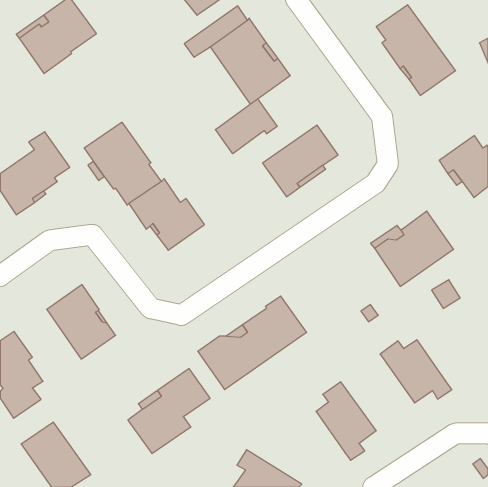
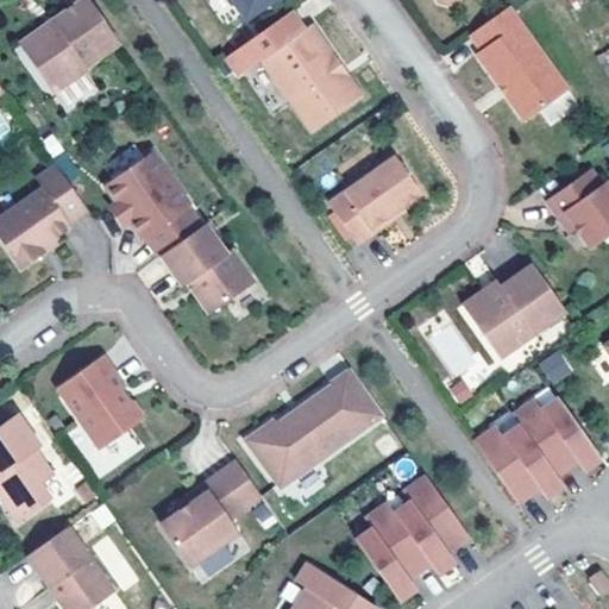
building: [215,99,277,154] -> none
building: none -> [513,396,601,475]
building: none -> [356,503,429,601]

